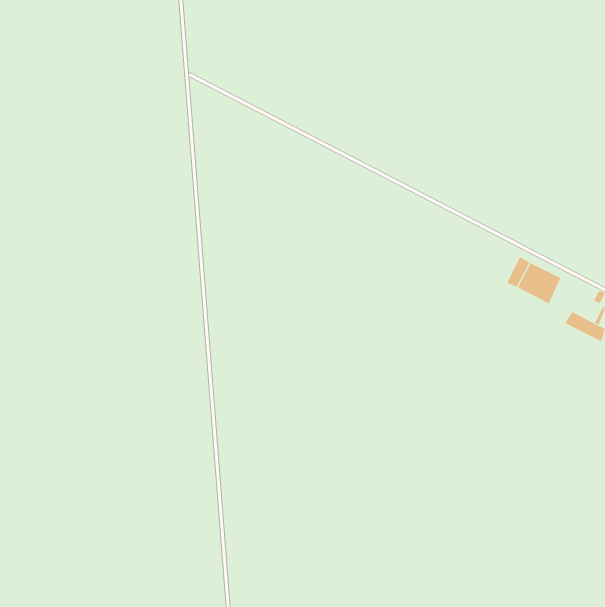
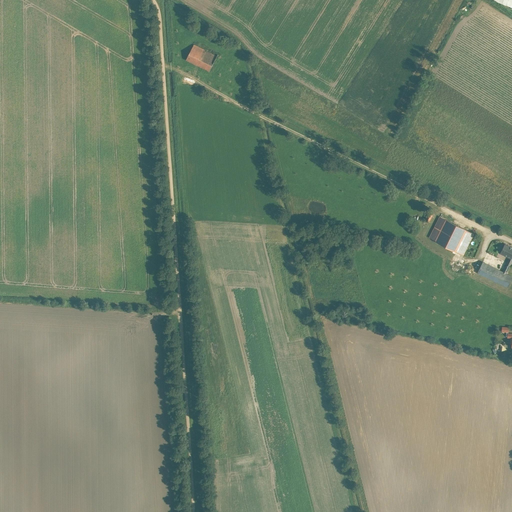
building: none -> [185,45,215,71]

